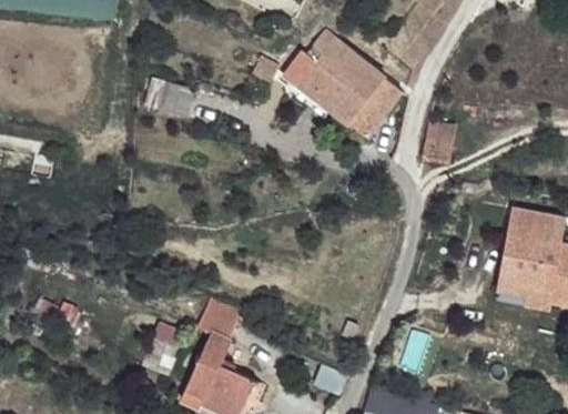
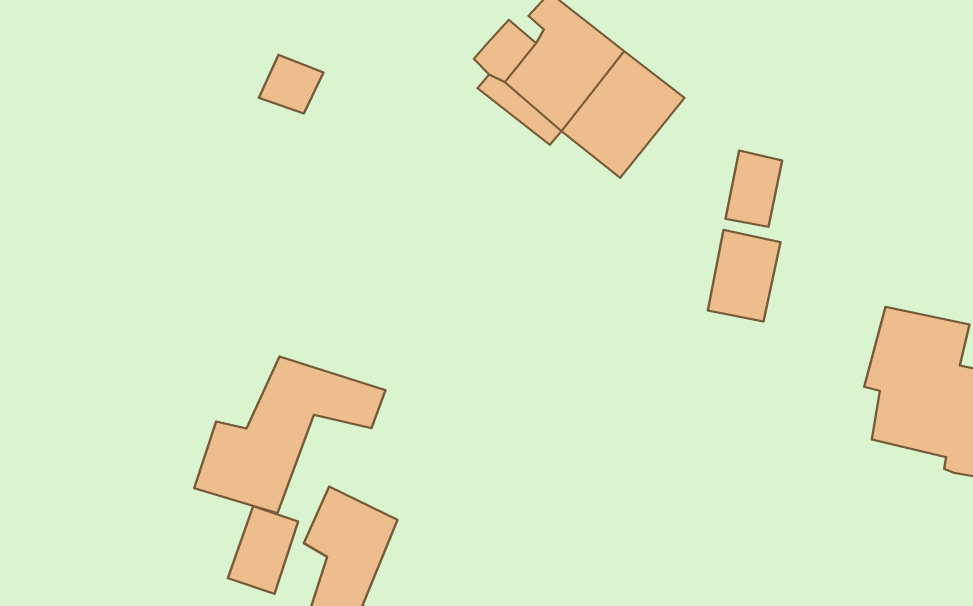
building: none -> [708,230,780,322]
building: none -> [194,357,386,513]

